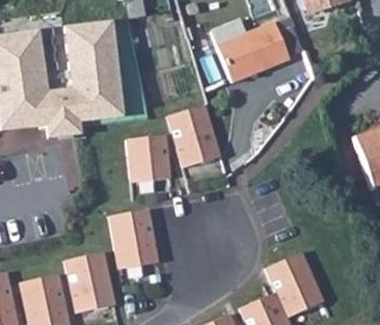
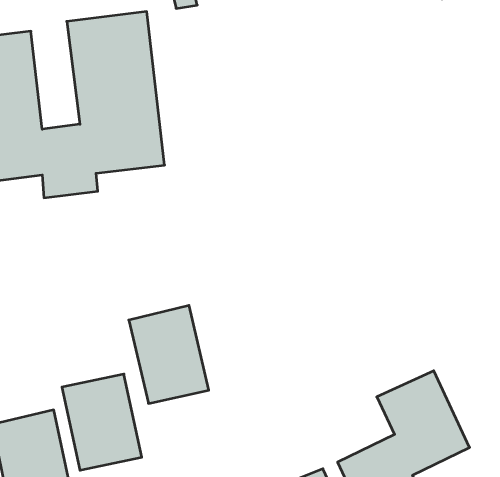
building: [221,25,293,84] -> none
building: [171,106,224,169] -> none
building: [131,135,173,181] -> none

